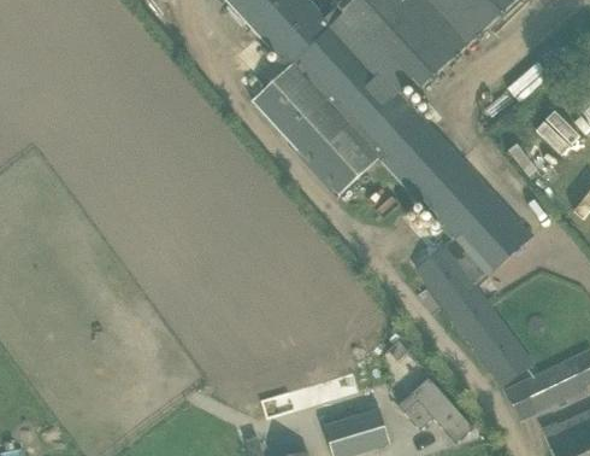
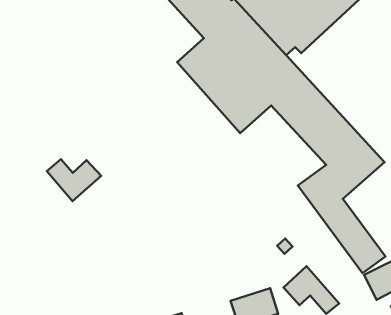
building: none -> [47,159,101,201]

